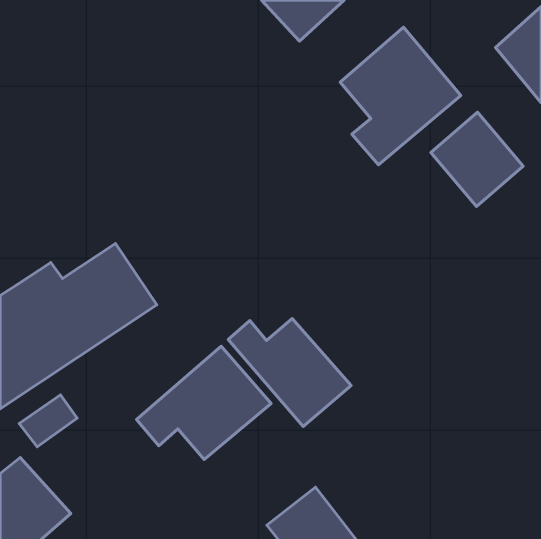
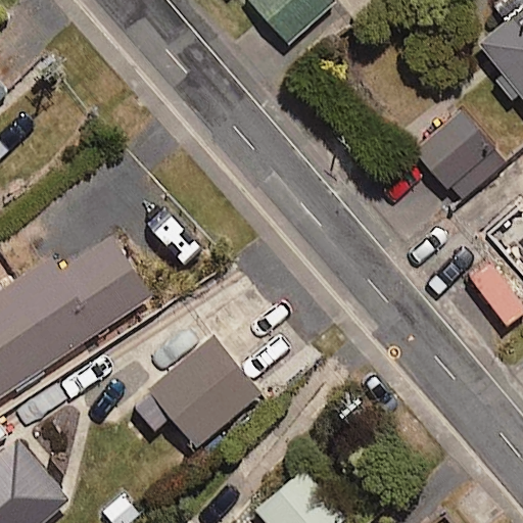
building: [340,27,461,165] -> none
building: [228,318,351,426] -> none

